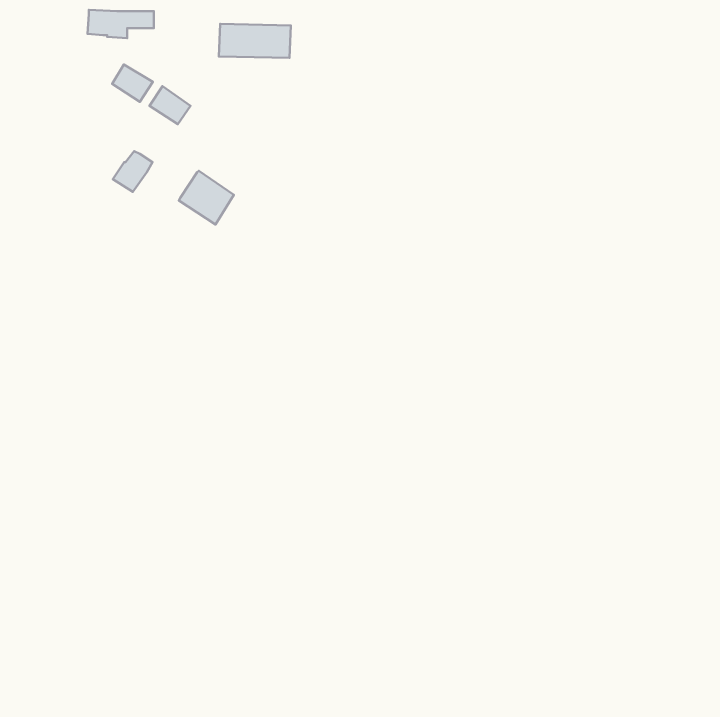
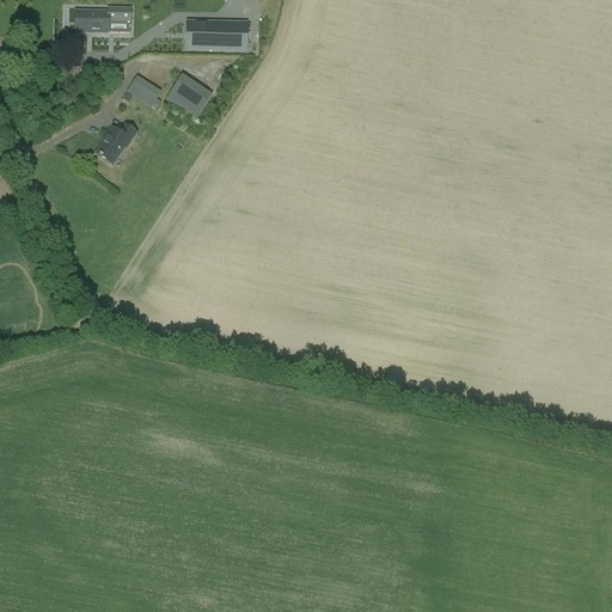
building: [112,64,153,102] -> none
building: [179,171,234,224] -> [166,73,213,118]

